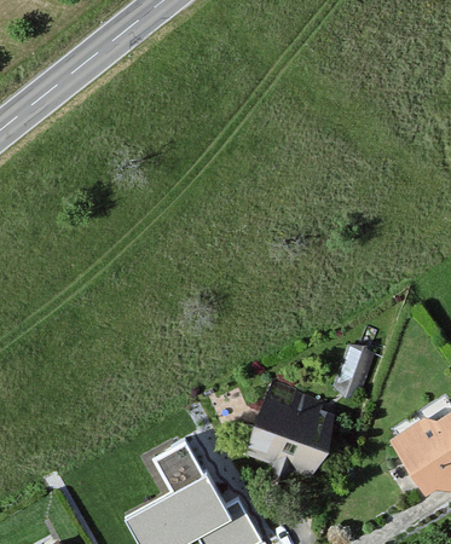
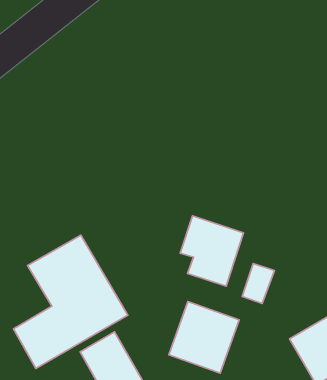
building: none -> [180,216,244,286]
building: none -> [13,235,128,368]

